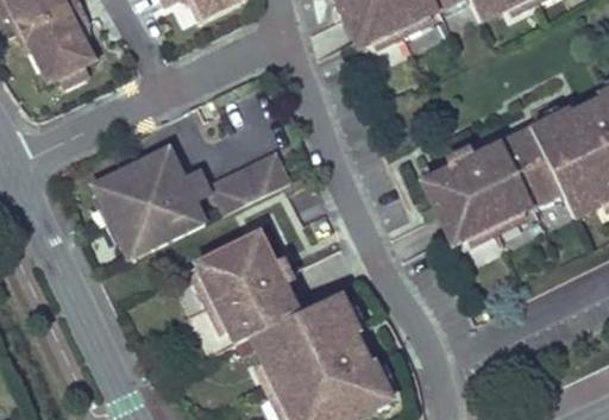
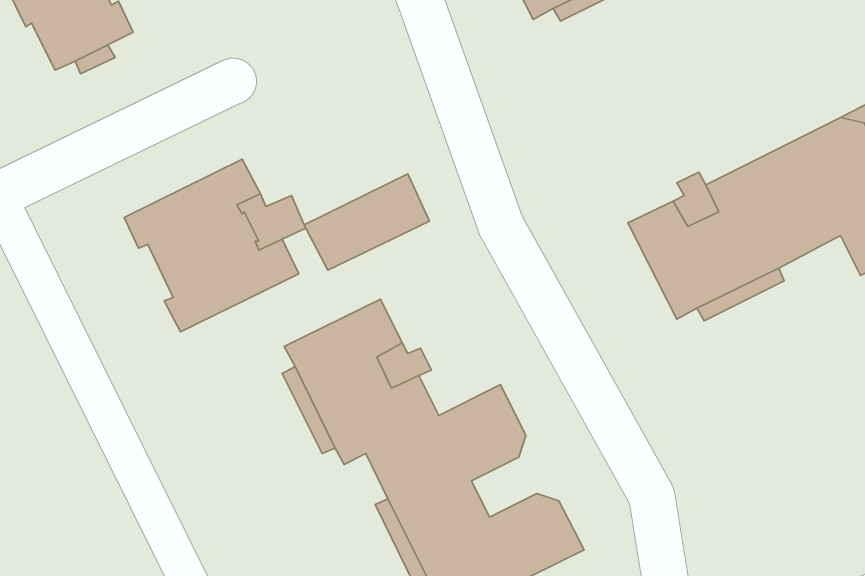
building: [319,322,376,376] -> none

